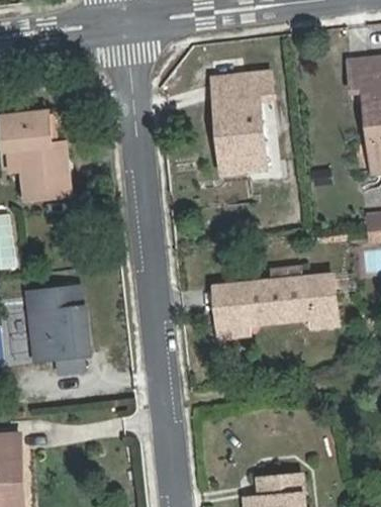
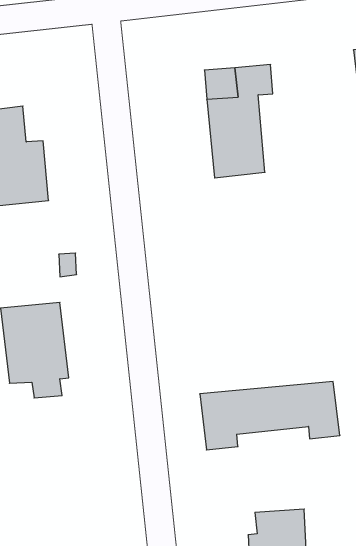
building: [211,274,338,335] -> [200,382,340,450]

